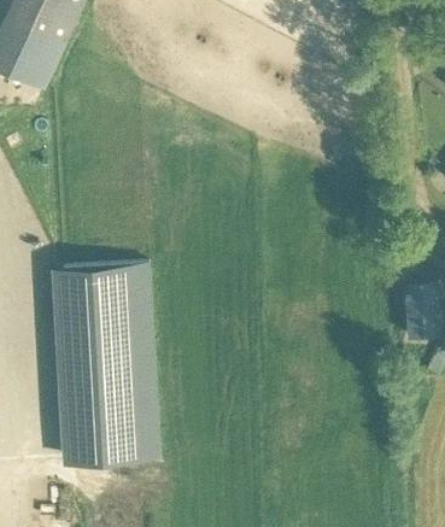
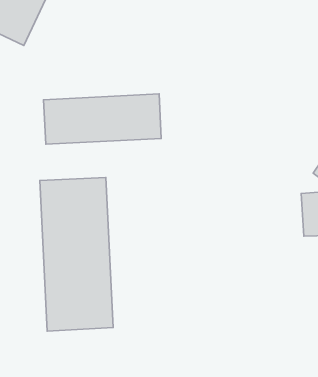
building: none -> [44,94,161,144]

